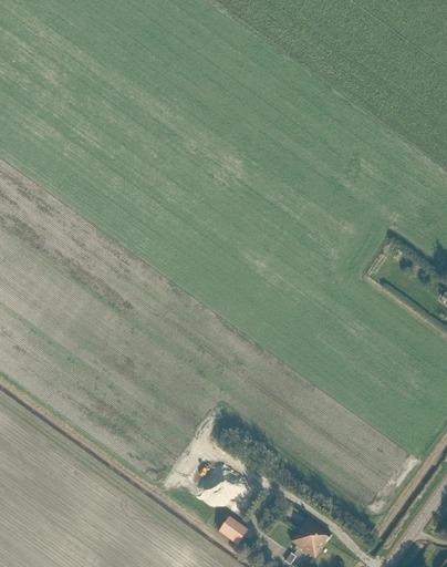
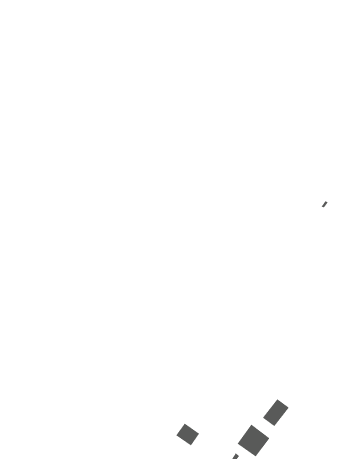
building: none -> [262,398,290,427]

